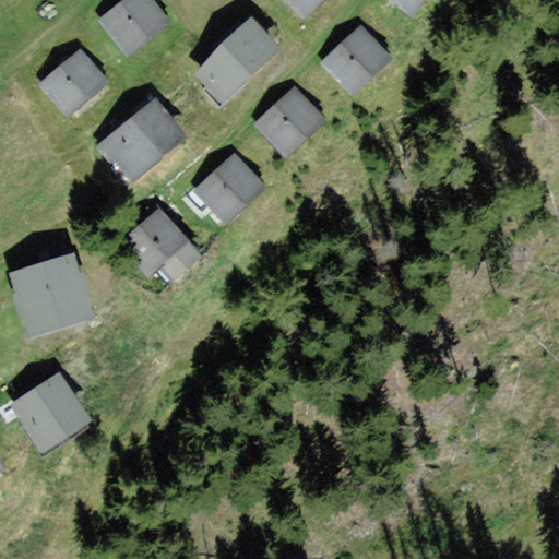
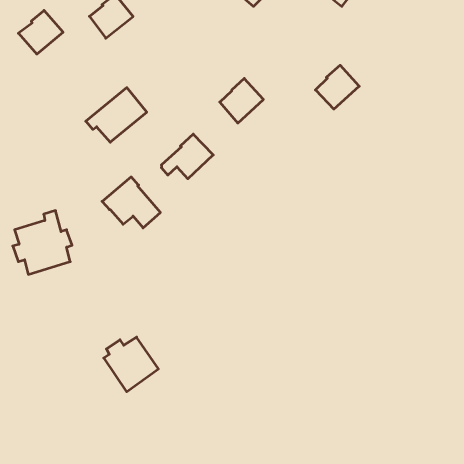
building: [203,24,275,93] -> none
building: [332,33,384,85] -> [315,65,359,109]
building: [47,53,100,106] -> [18,10,63,54]
building: [19,378,84,443] -> [104,337,158,392]

